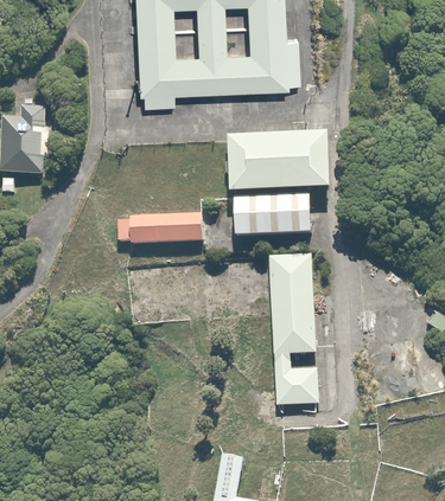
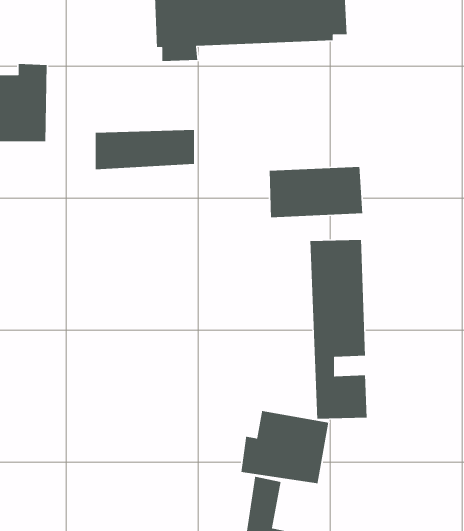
building: [229,131,332,192] -> none
building: [116,212,201,246] -> [95,129,195,170]
building: none -> [240,410,329,484]

